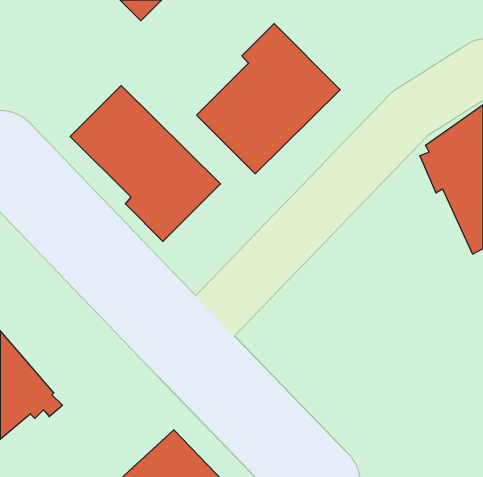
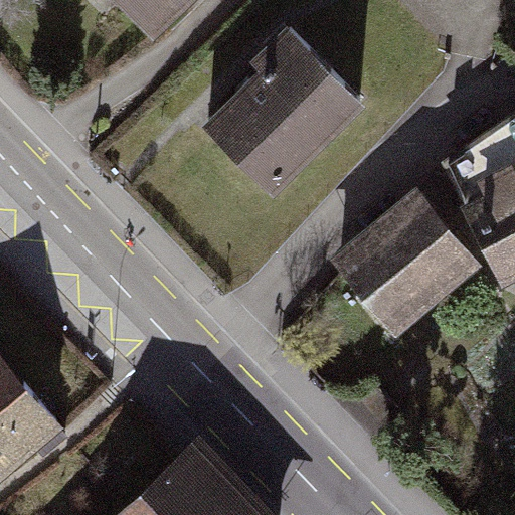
building: [70,86,221,241] -> none
building: none -> [339,198,474,328]

